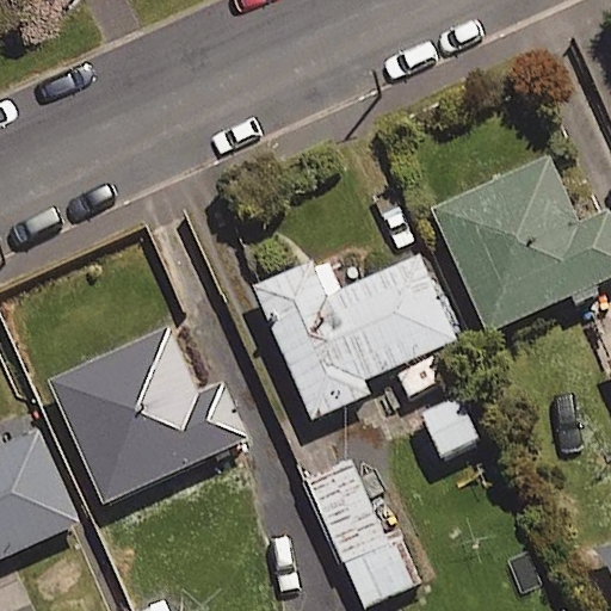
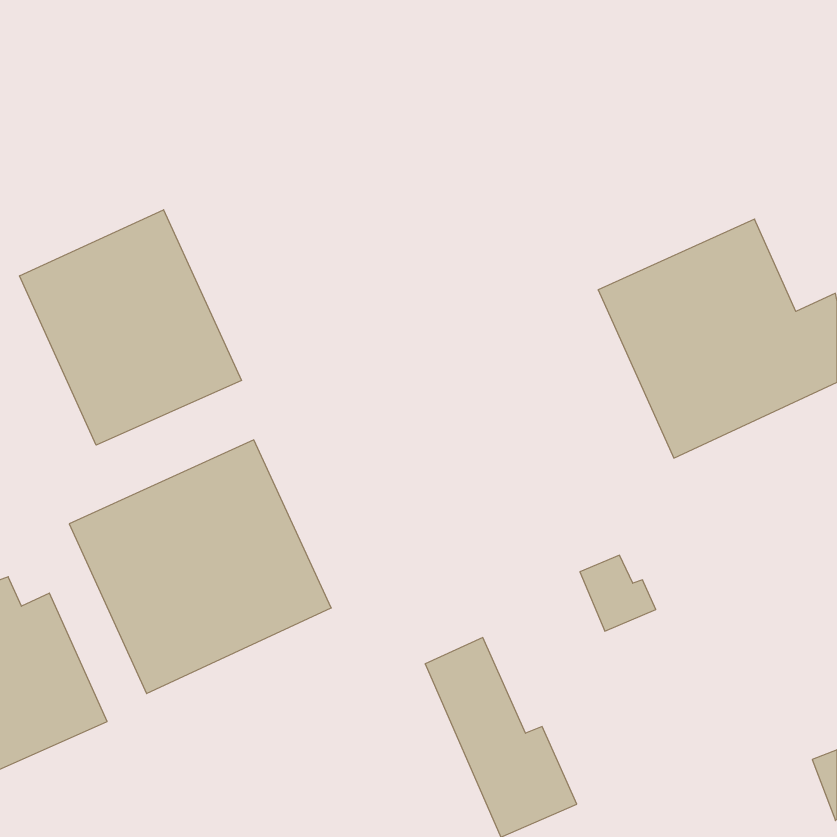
building: none -> [20,210,241,445]
building: [255,258,455,418] -> none

